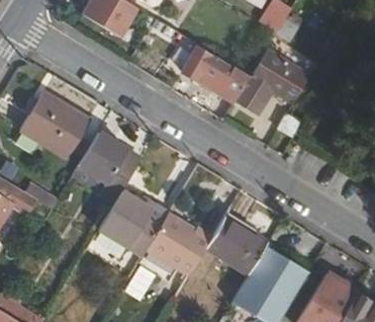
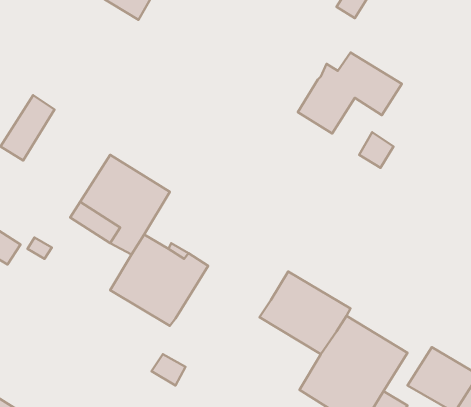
building: [179,50,248,106] -> none
building: [38,101,92,157] -> none
building: [147,213,214,276] -> none

